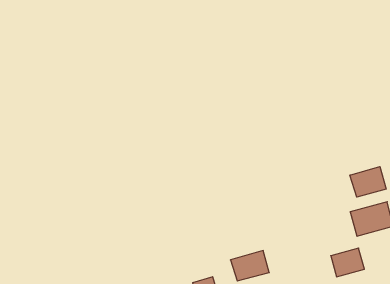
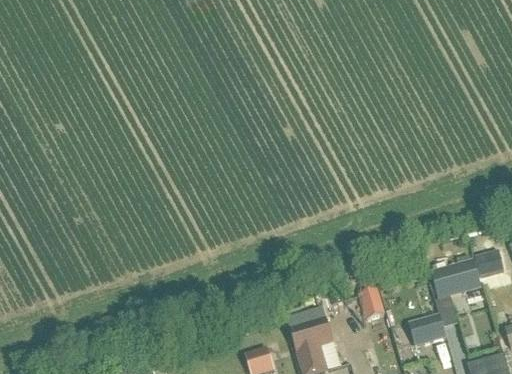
building: [350,167,386,197] -> none
building: none -> [359,288,384,318]

